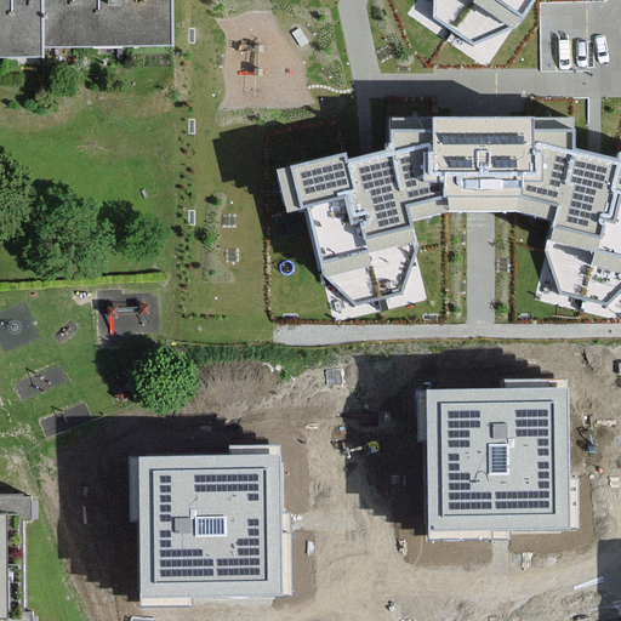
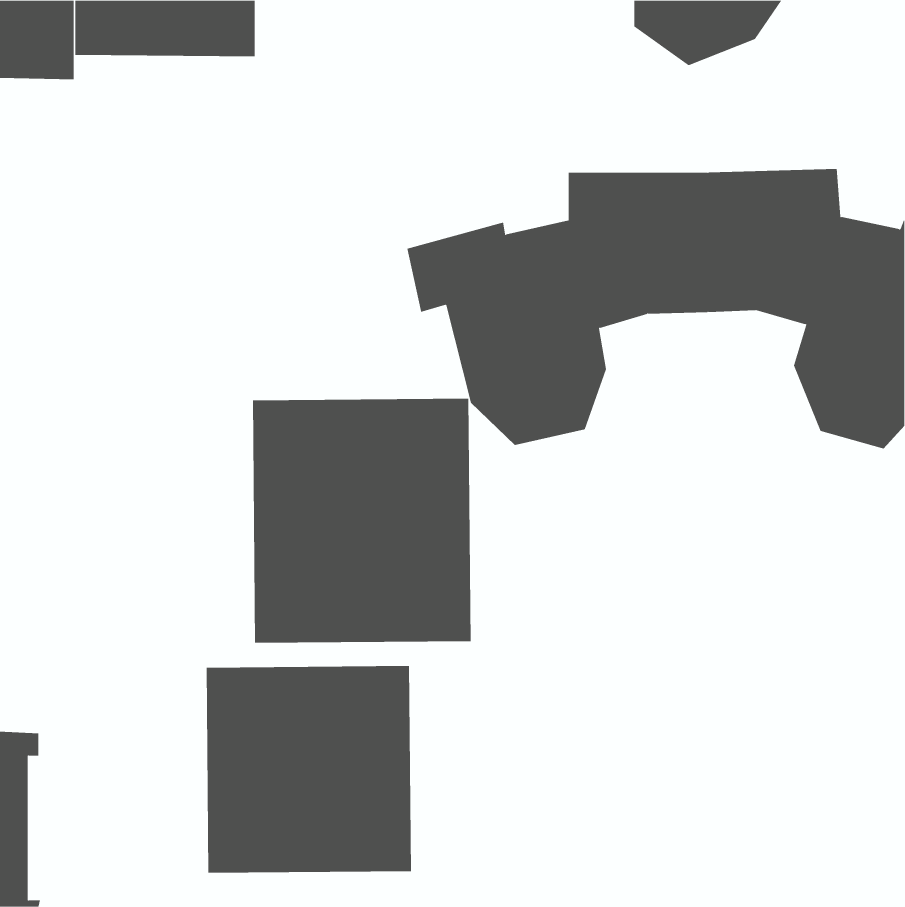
building: none -> [253,398,471,644]
building: [426,389,566,530] -> none

